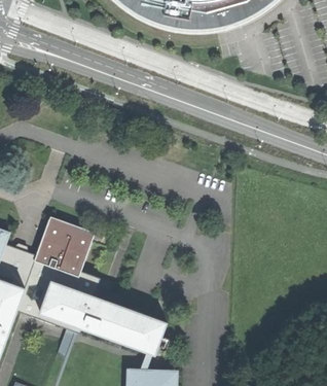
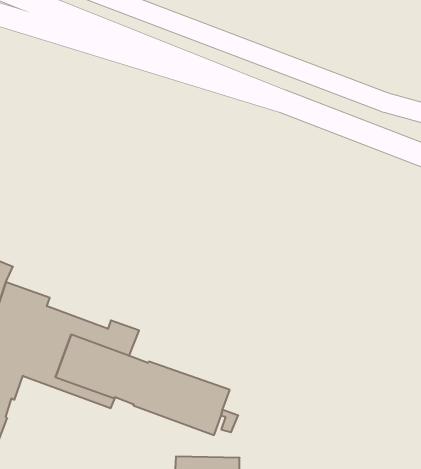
building: [35,214,96,276] -> none

